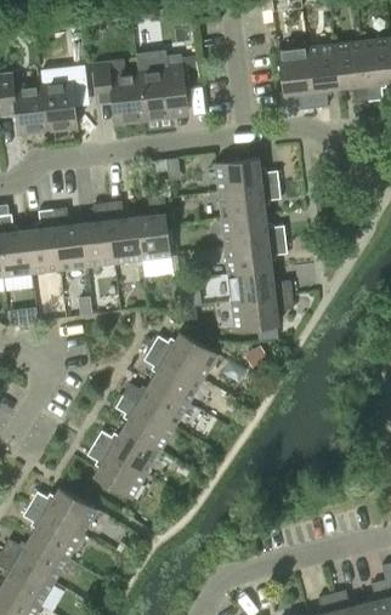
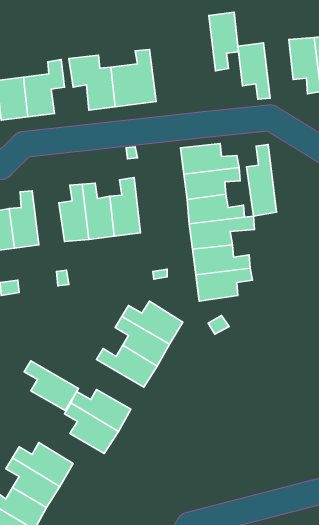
building: [306,44,339,108] -> [209,12,239,71]
building: none -> [247,144,276,216]
building: [52,207,87,269] -> none
building: [115,395,175,450] -> [24,361,78,411]

